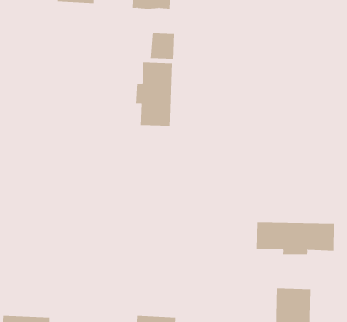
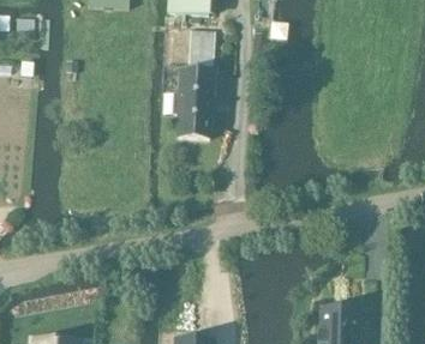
building: [256,222,335,255] -> none

